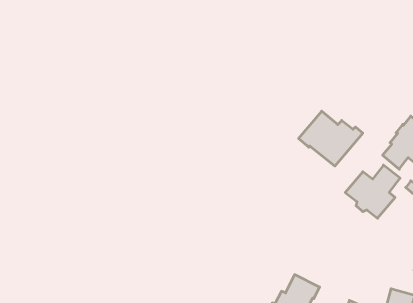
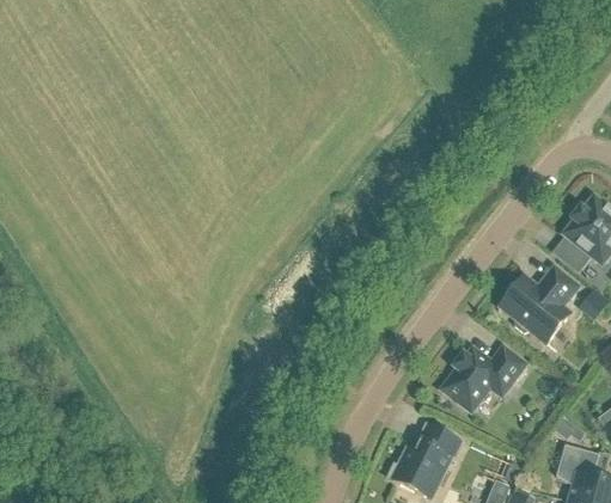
building: [299,111,363,166] -> none
building: none -> [440,345,526,411]

